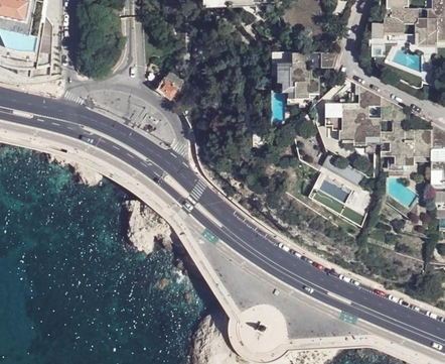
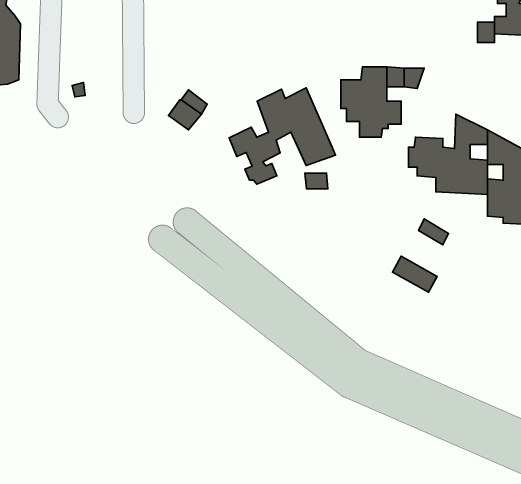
building: none -> [229,88,336,184]

